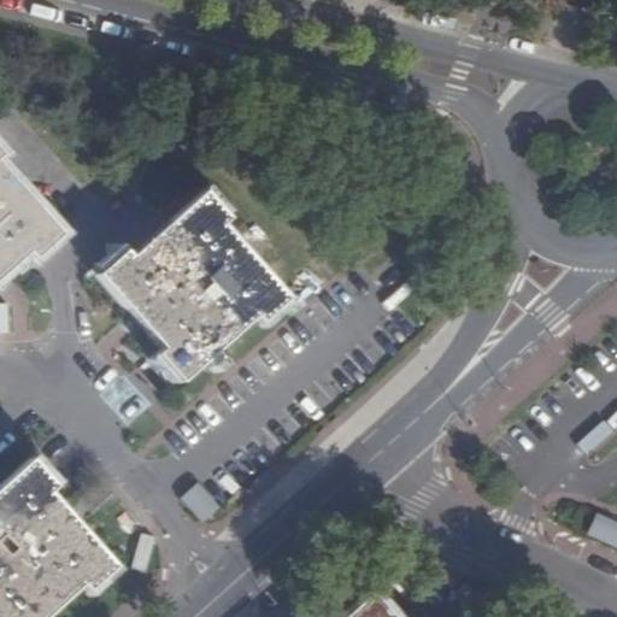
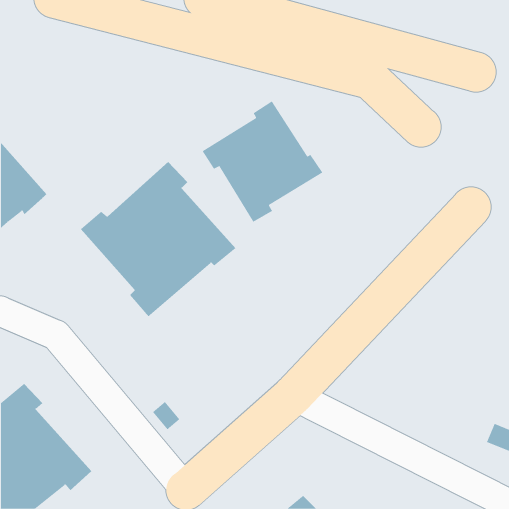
building: none -> [202,101,323,222]

